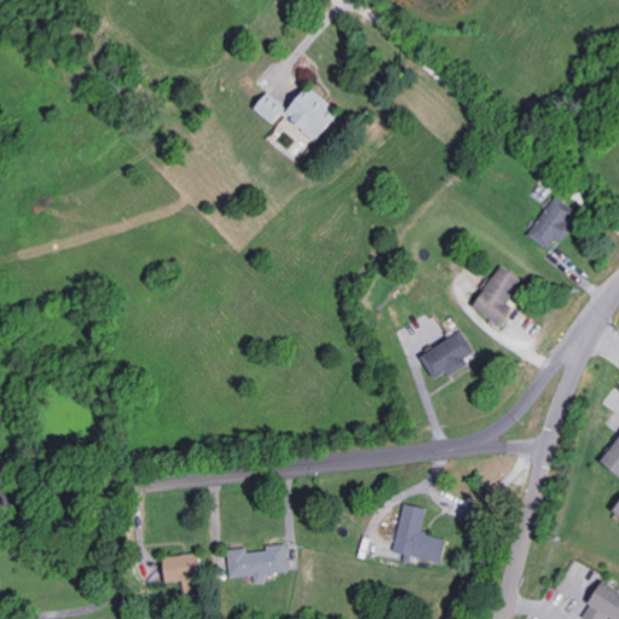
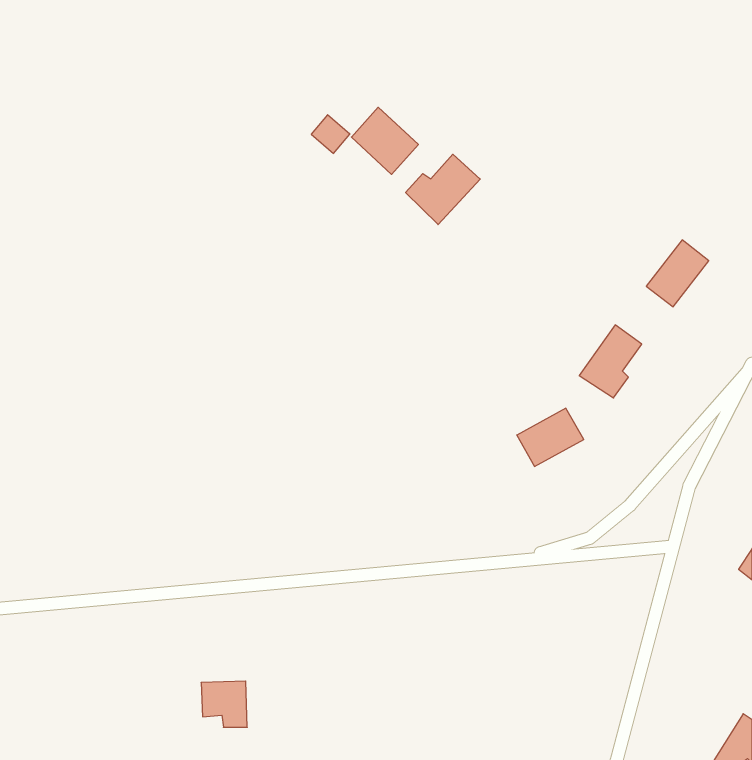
building: none -> [406,154,480,225]
building: [392,503,446,563] -> none
building: [226,544,287,584] -> none

